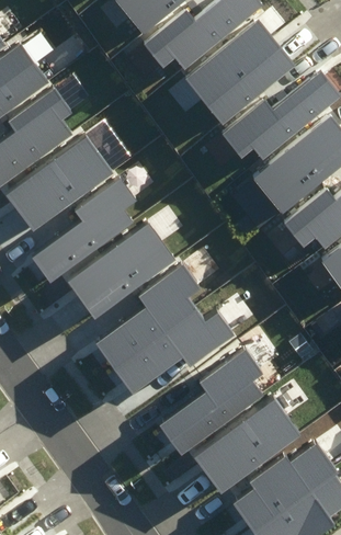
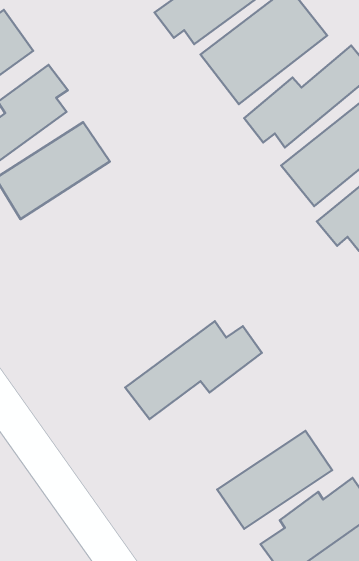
building: [36,177,136,276] -> none
building: [68,225,167,308] -> none
building: [99,263,198,367] -> none
building: [162,350,261,449] -> none

